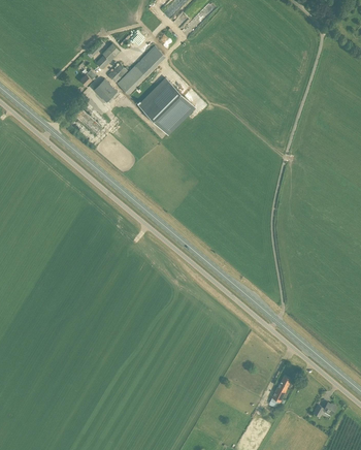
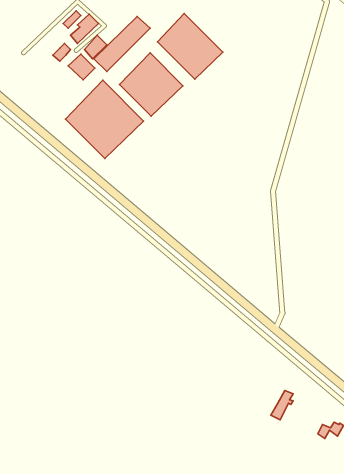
building: none -> [157,14,223,79]
building: none -> [65,80,143,158]

